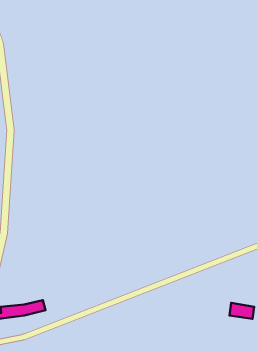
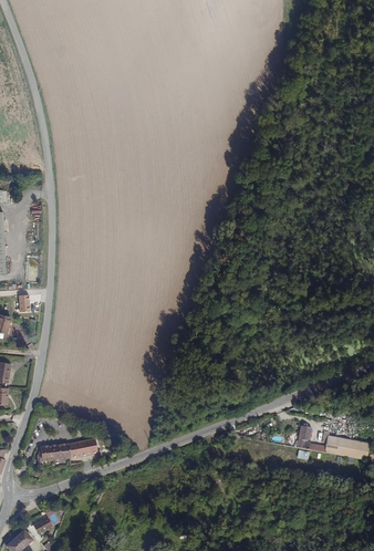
building: none -> [297,428,340,457]

